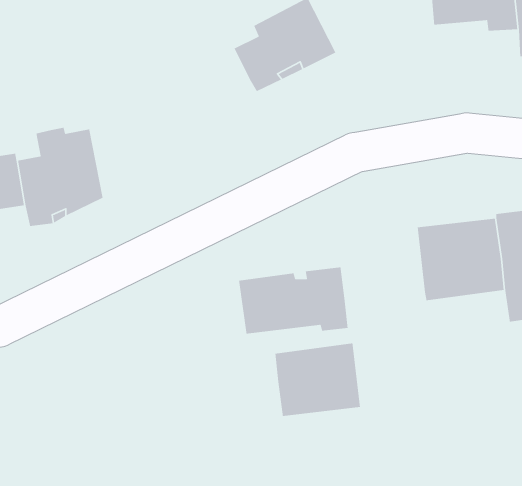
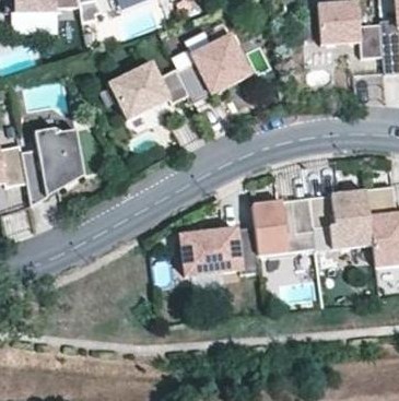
building: none -> [109,60,189,118]
building: [275,342,361,417] -> [253,198,315,251]

